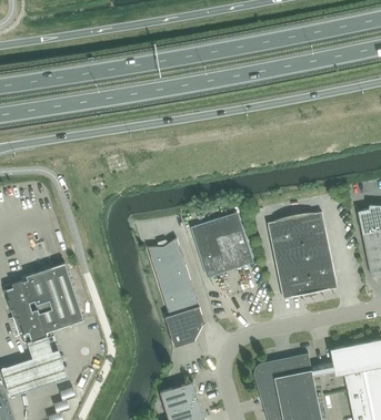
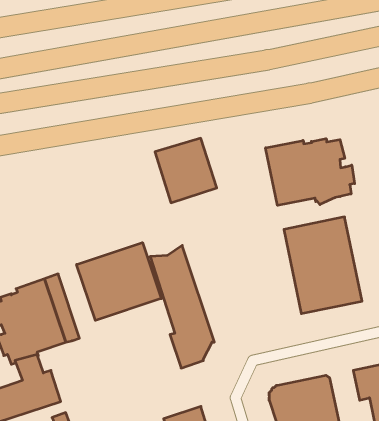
building: none -> [266,139,355,205]
building: [194,216,250,274] -> [155,138,217,203]
building: none -> [77,243,161,320]

